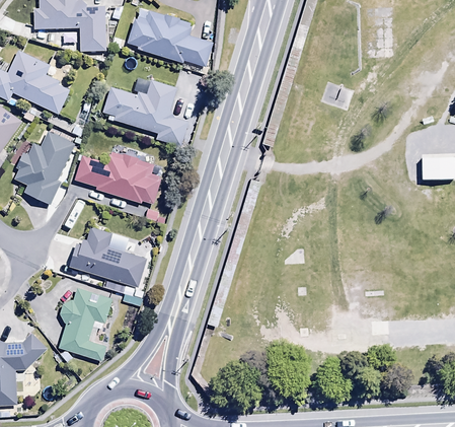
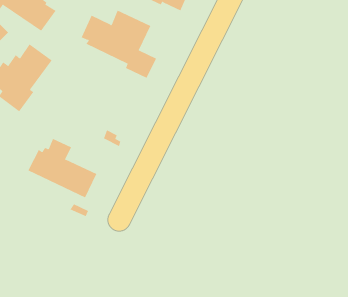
building: [75,149,161,204] -> none
building: [59,288,111,361] -> none

